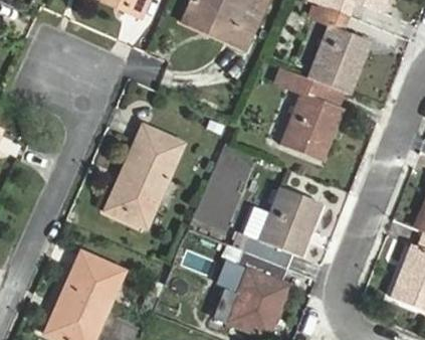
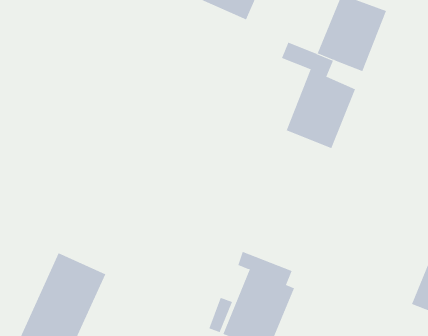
building: [113,125,183,222] -> none
building: [236,187,320,268] -> none

